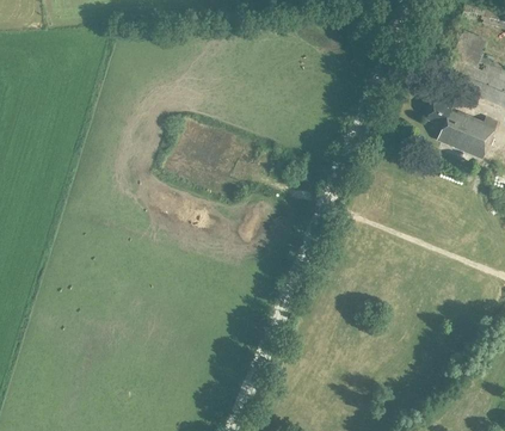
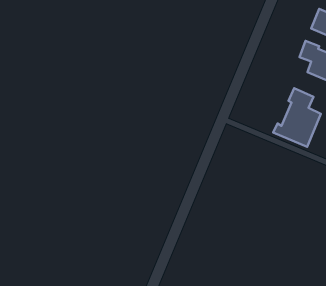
building: none -> [273,88,321,147]

